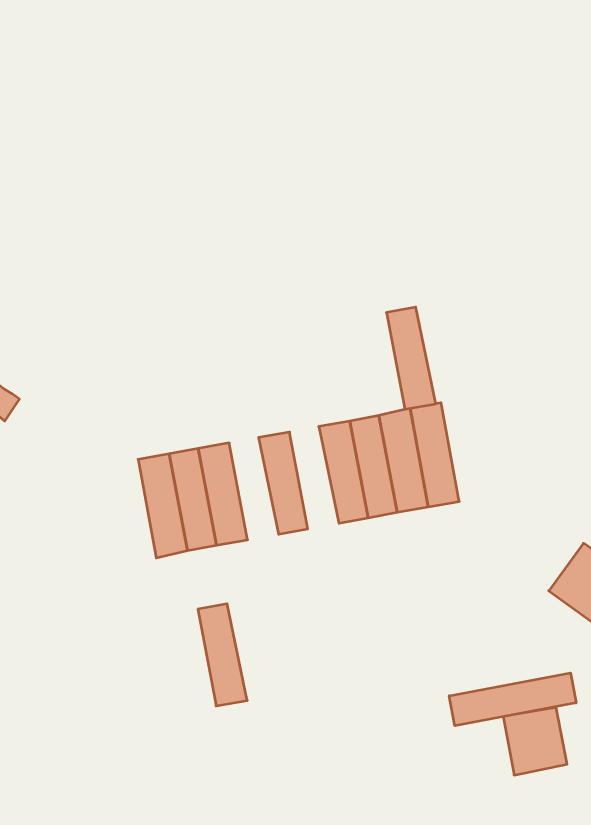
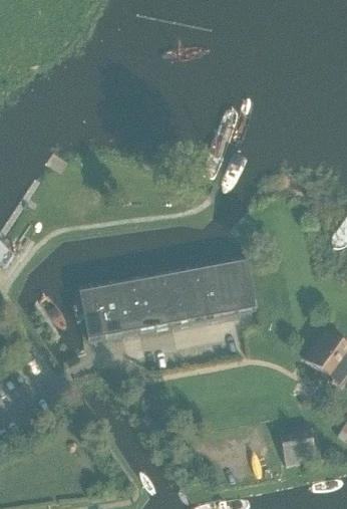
building: [386,307,436,409] -> [162,269,190,325]
building: [198,604,247,706] -> [129,275,156,331]
building: [449,673,576,726] -> none

